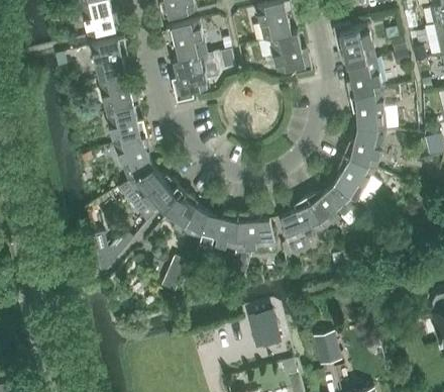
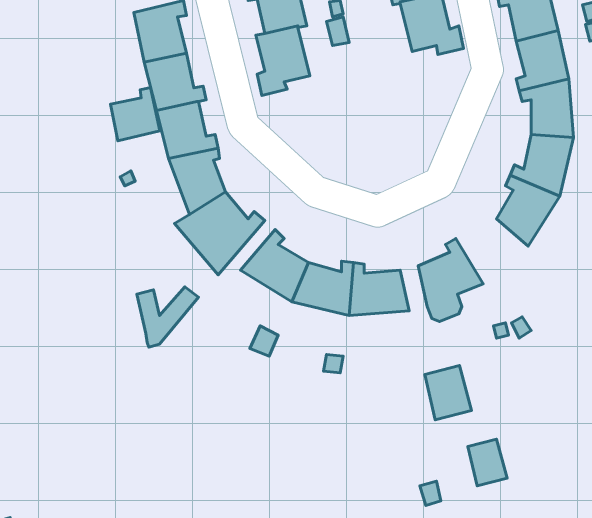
building: none -> [110,88,160,141]
building: [307,184,355,227] -> none
building: [249,310,281,347] -> [425,365,471,420]

